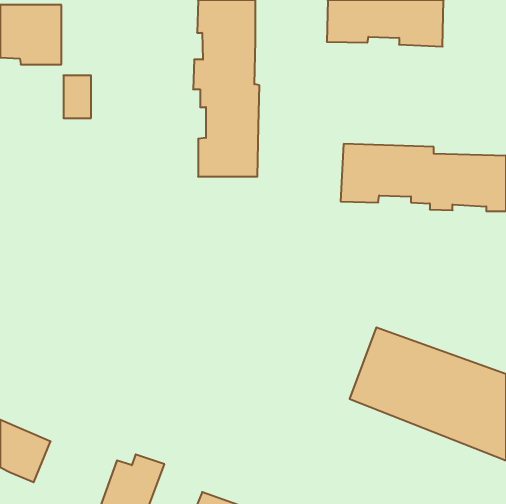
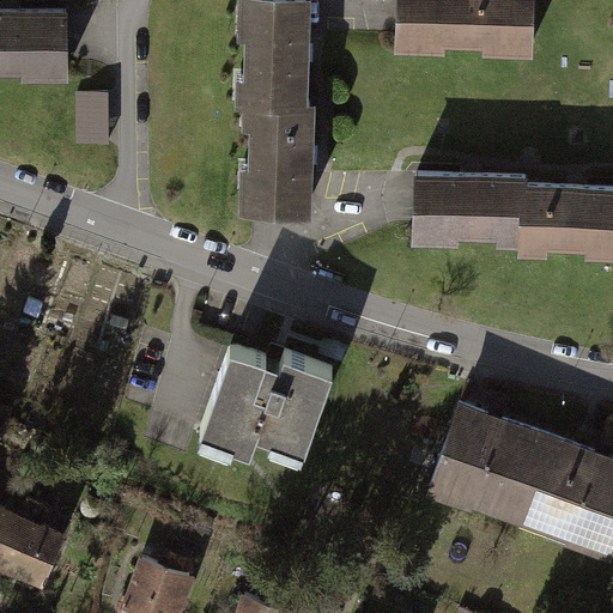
building: none -> [202,346,336,451]

